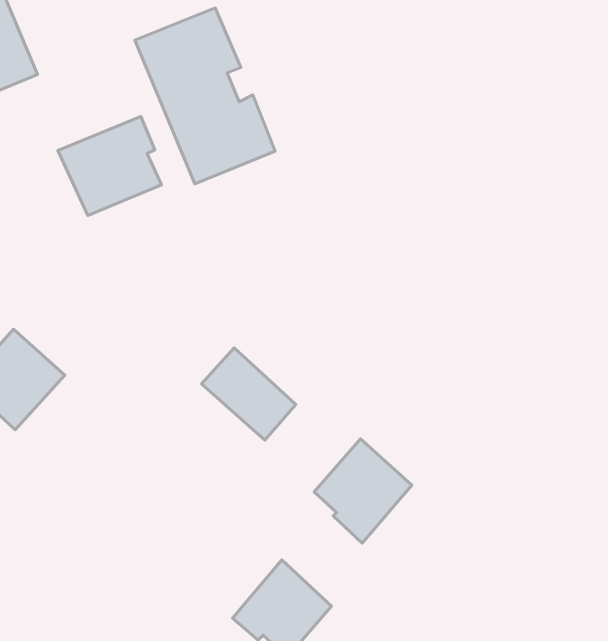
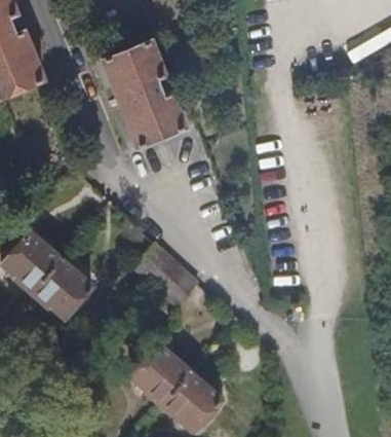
building: [58,117,162,215] -> none
building: none -> [31,262,91,321]
building: [314,439,412,543] -> [132,345,191,408]

